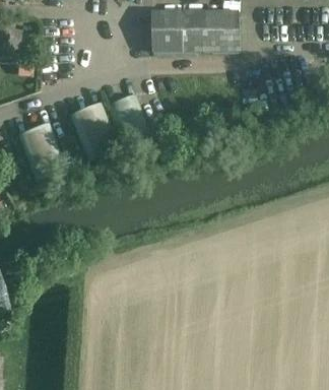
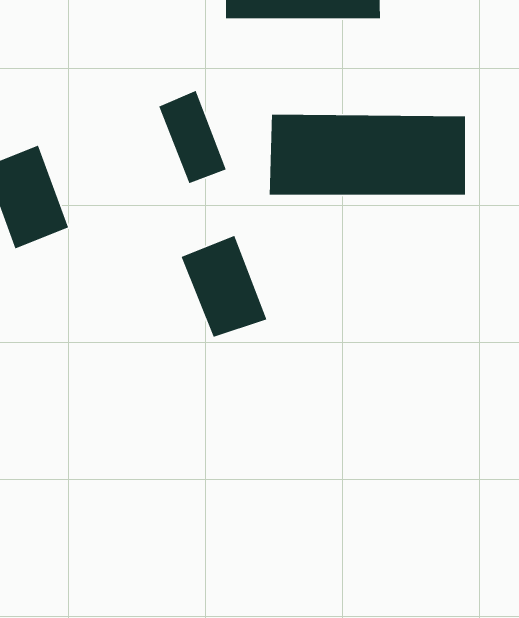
building: [70,102,119,159] -> [181,235,268,338]
building: none -> [269,114,466,196]

